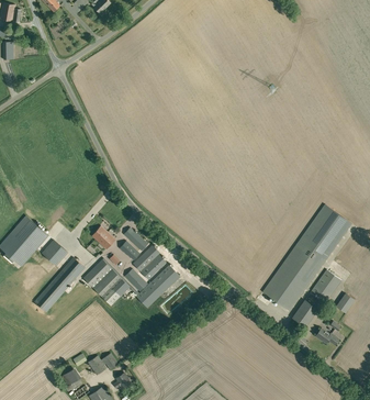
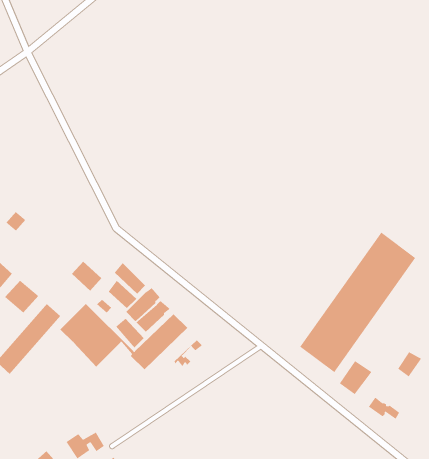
building: [312,269,341,301] -> none

